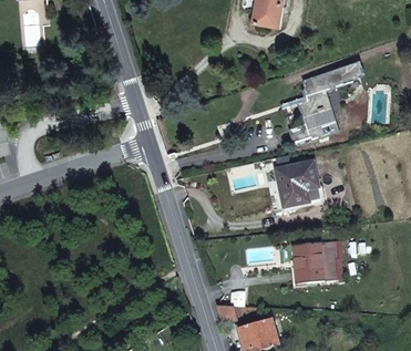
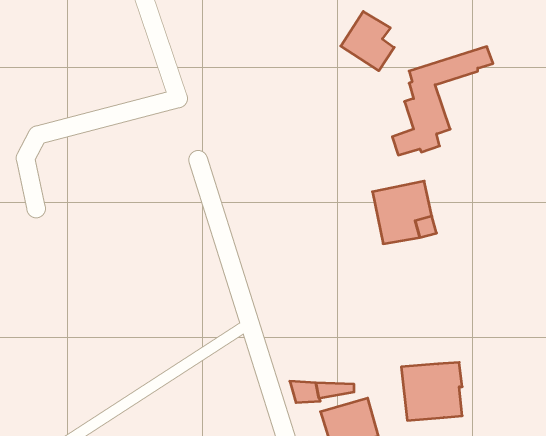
building: none -> [341,11,394,71]
building: [294,241,338,283] -> [401,362,462,420]

